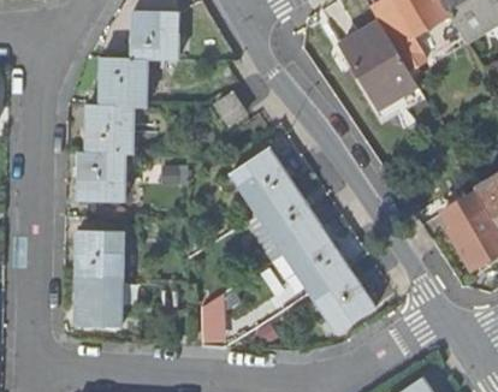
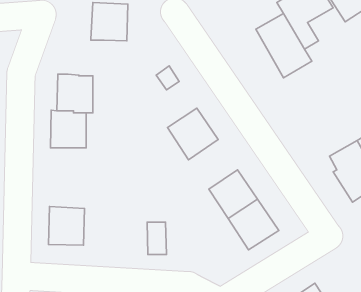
building: [100,57,147,106] -> none
building: [257,189,321,254] -> none
building: [76,230,123,279] -> none

